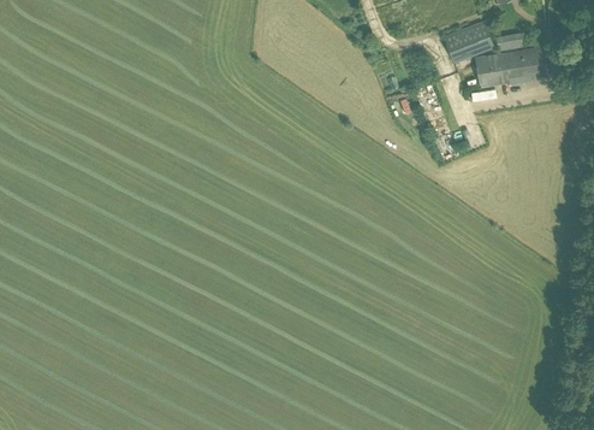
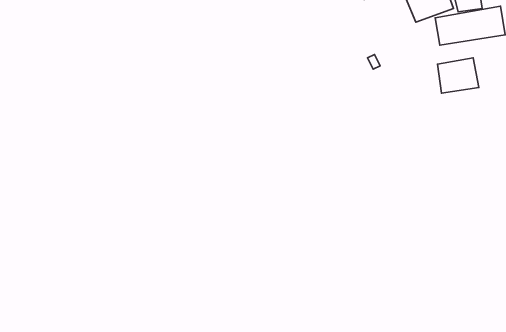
building: none -> [437,58,479,93]

